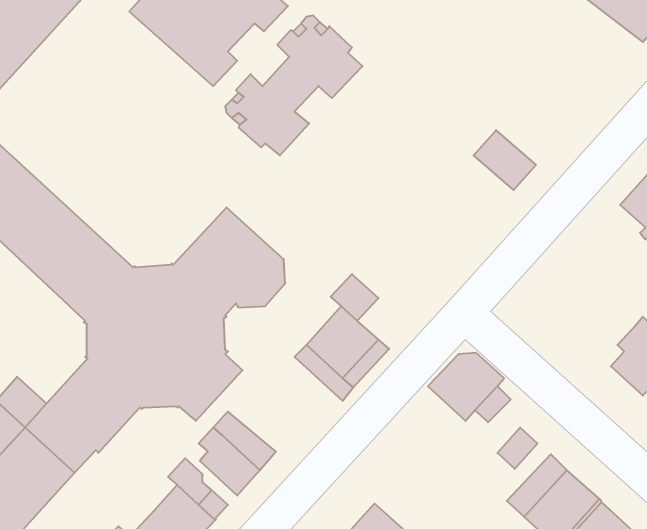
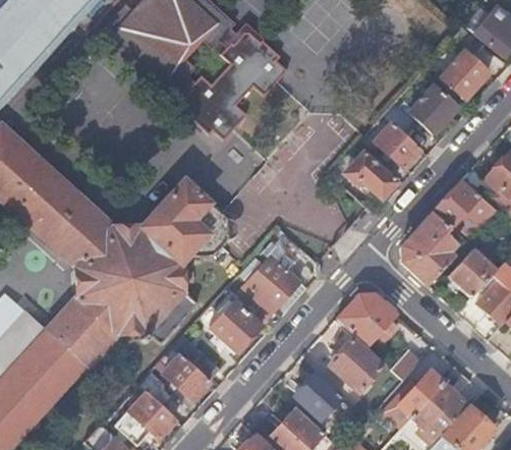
building: none -> [440,27,489,99]
building: none -> [383,85,457,134]
building: none -> [344,151,396,196]
building: none -> [401,179,495,284]
building: none -> [447,247,496,296]
building: none -> [209,301,260,351]
building: none -> [329,337,382,391]
building: none -> [293,372,341,419]

